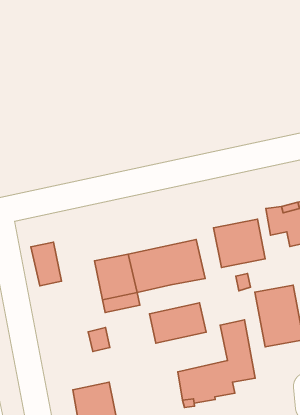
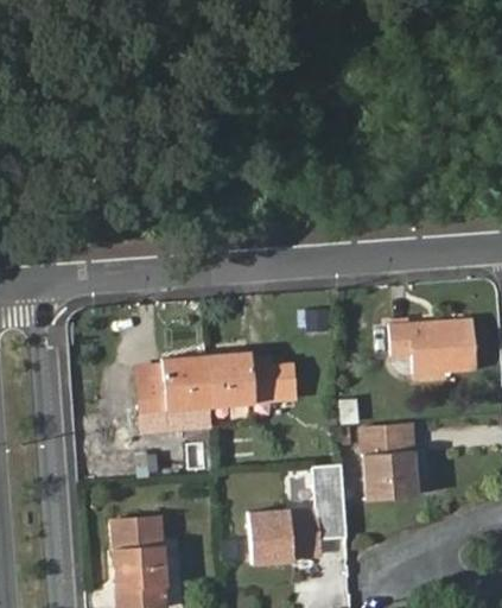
building: [214,219,265,267] -> none
building: [31,242,62,286] -> [133,360,166,413]
building: [149,303,206,343] -> none

